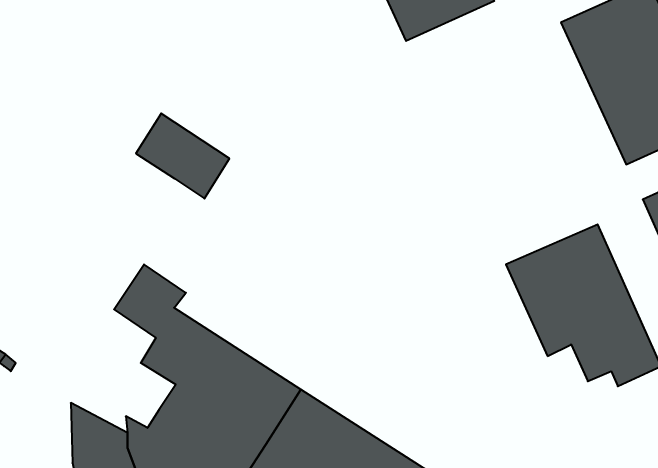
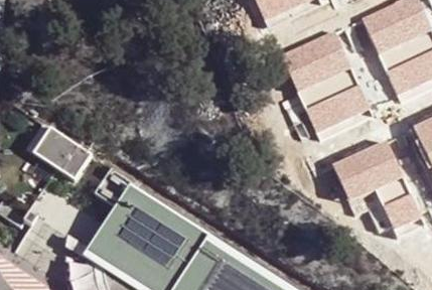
building: none -> [280,30,373,140]
building: [136,113,229,199] -> [35,127,92,178]
building: none -> [66,222,130,264]

